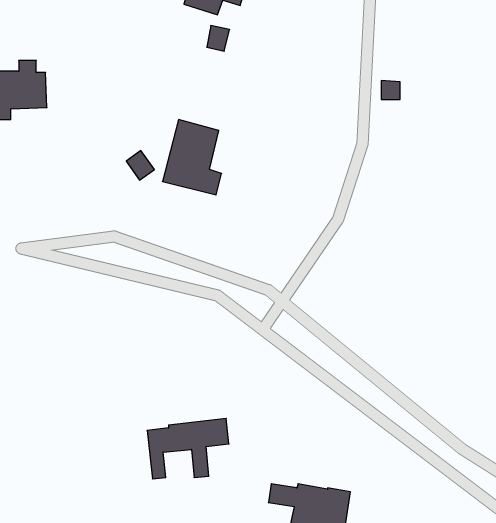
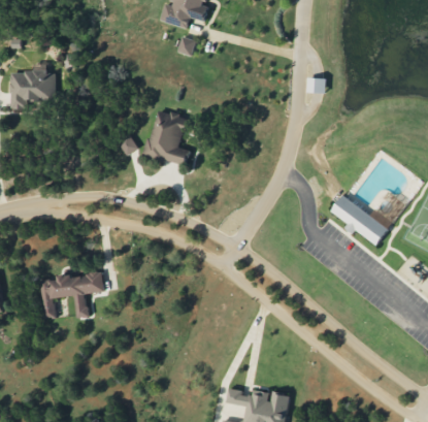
building: none -> [334,196,389,246]
building: [147,418,229,479] -> [41,271,104,318]

